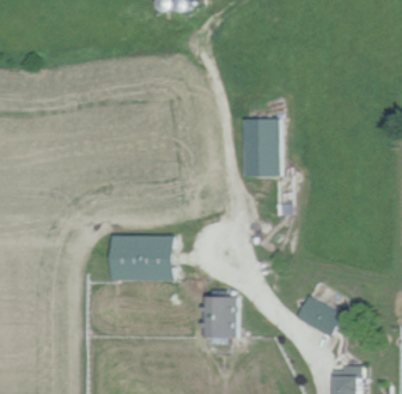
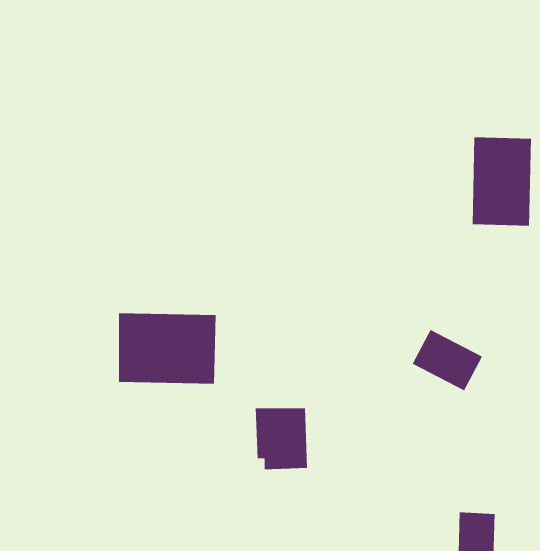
building: [240,117,280,176] -> [472,137,532,226]
building: [294,296,341,337] -> [412,329,483,391]

